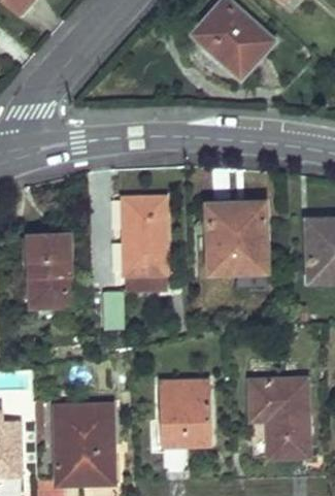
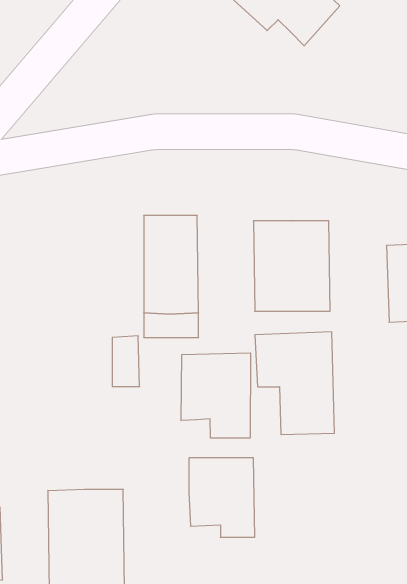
building: [28,234,71,307] -> none
building: none -> [181,353,250,438]
building: [248,377,308,455] -> [255,332,334,435]

